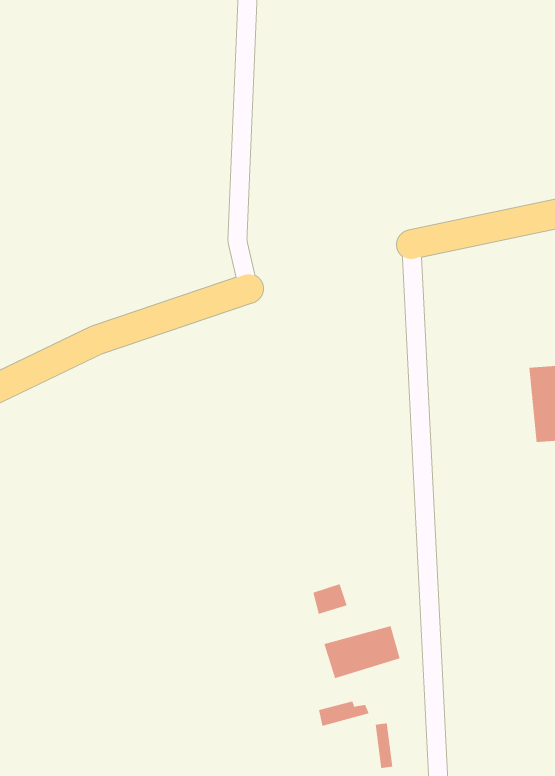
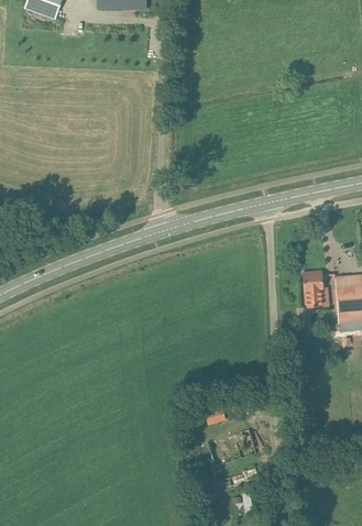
building: none -> [303,274,322,307]

